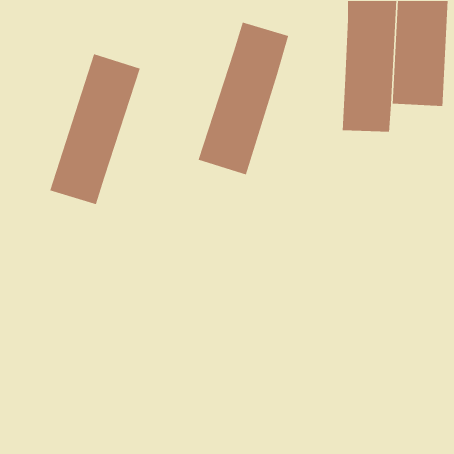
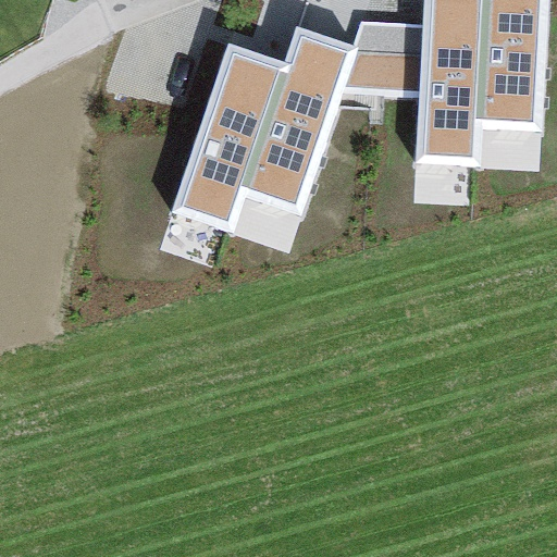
building: none -> [341,23,425,97]
building: [49,53,141,205] -> [174,45,286,231]

